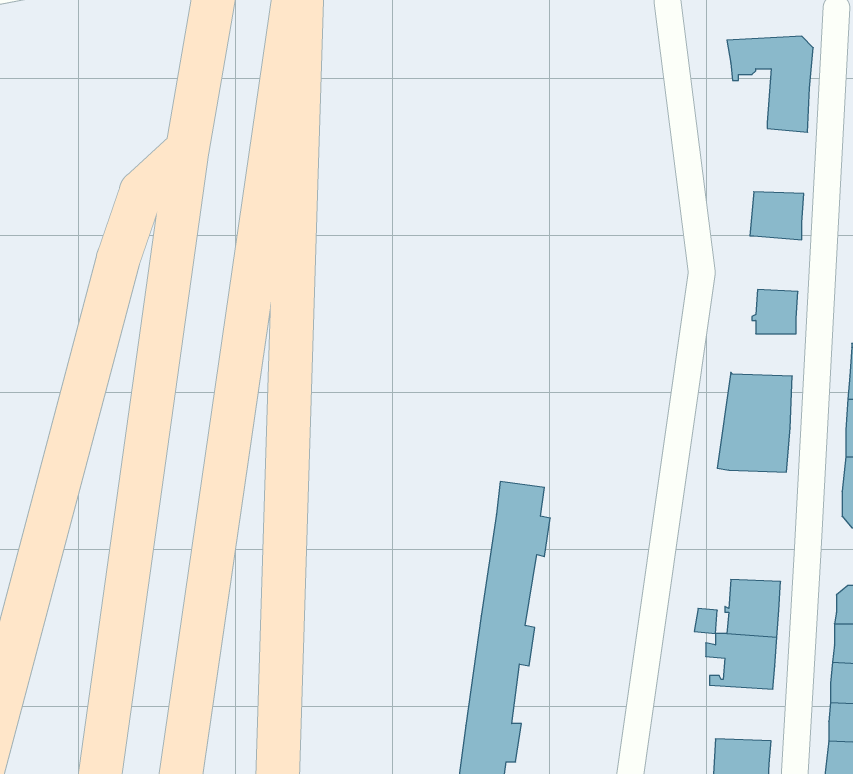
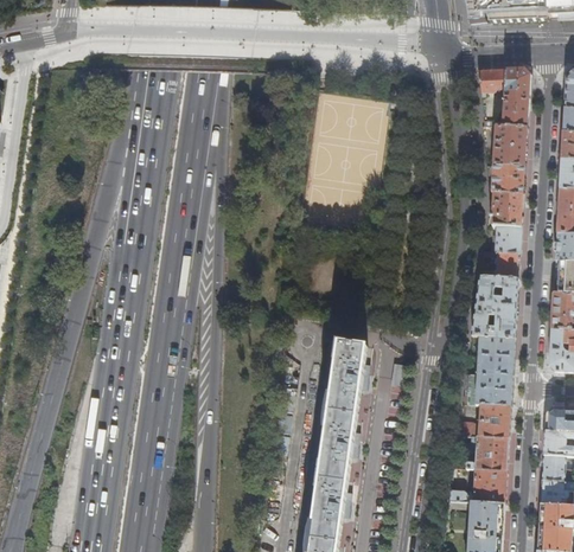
building: none -> [495,120,528,160]
building: none -> [492,186,524,220]
building: none -> [481,245,521,272]
building: none -> [474,330,515,399]
building: none -> [448,463,506,498]

